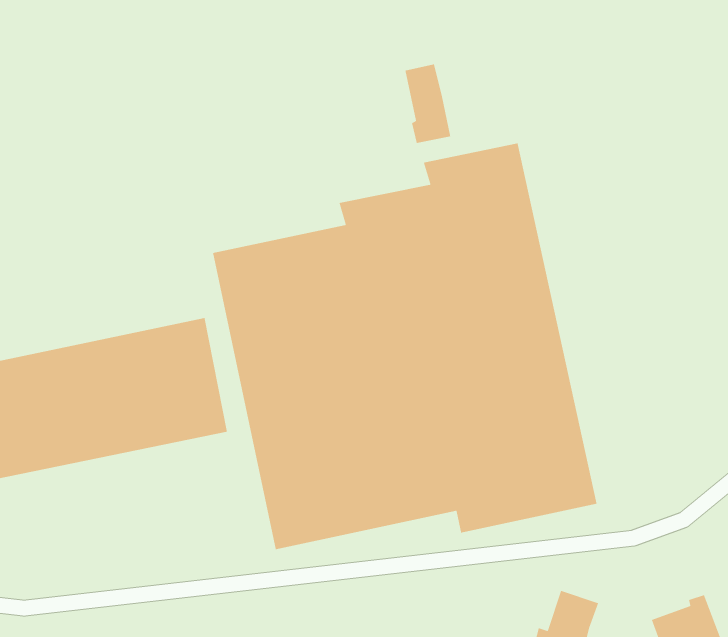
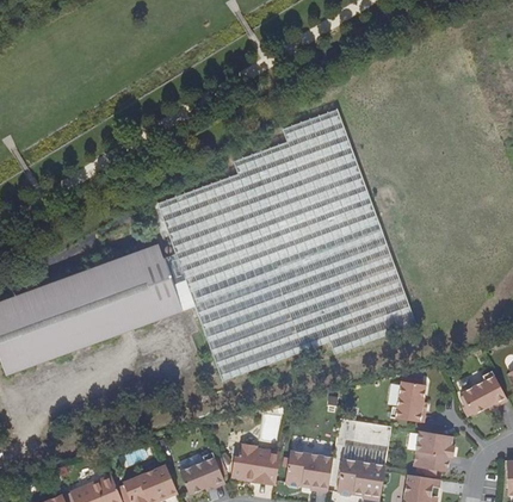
building: [404,63,451,144] -> none

